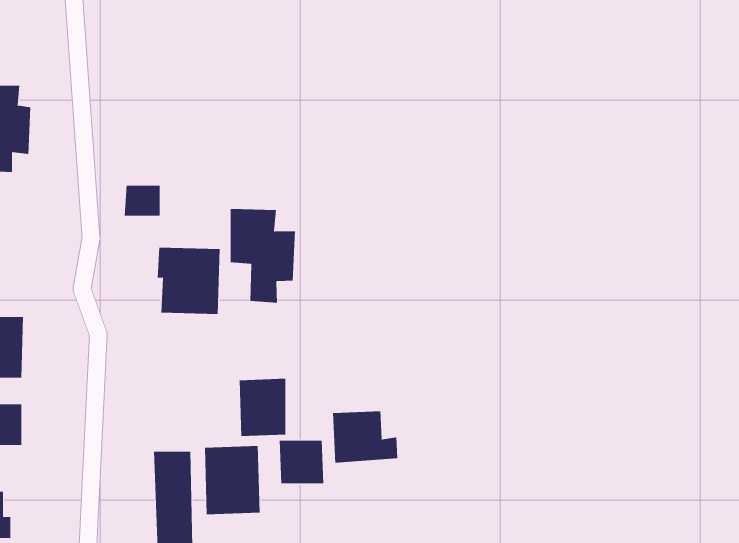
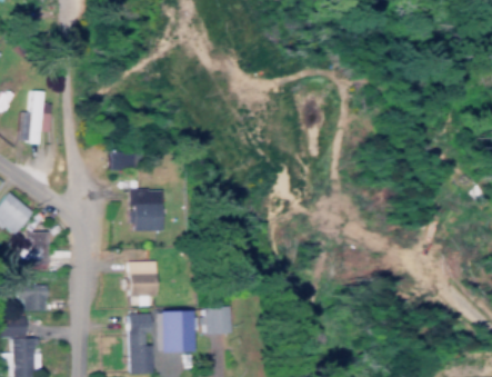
building: [230,208,295,304] -> none
building: [239,378,286,437] -> [128,260,157,296]
building: [333,411,398,463] -> none

